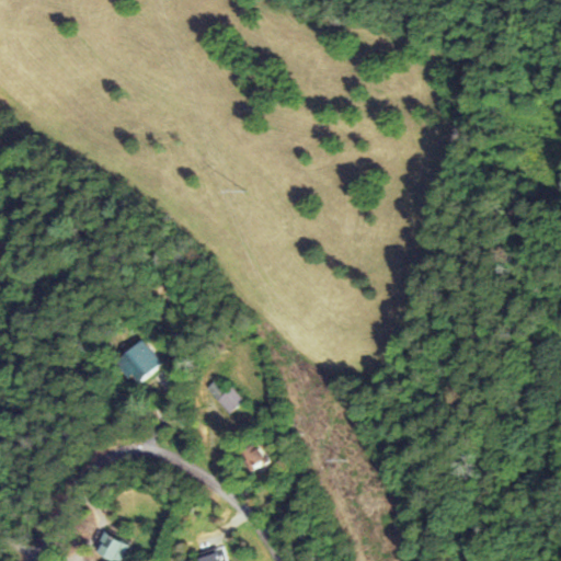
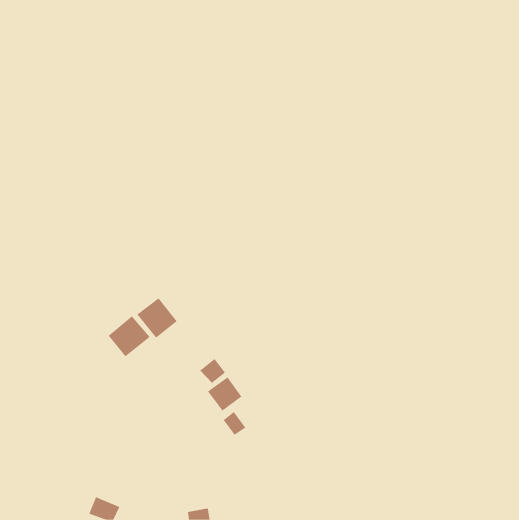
building: none -> [136,297,177,338]
building: none -> [207,377,242,412]

